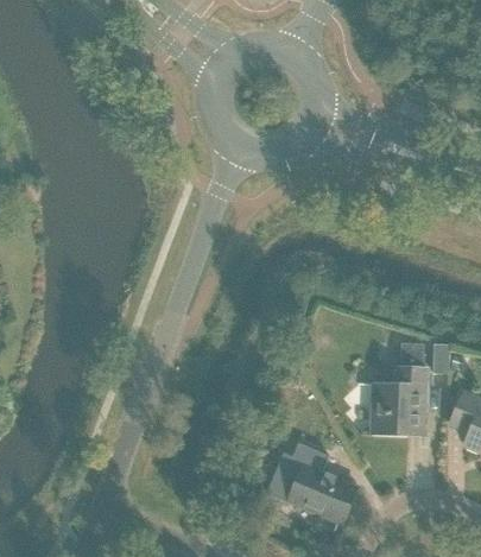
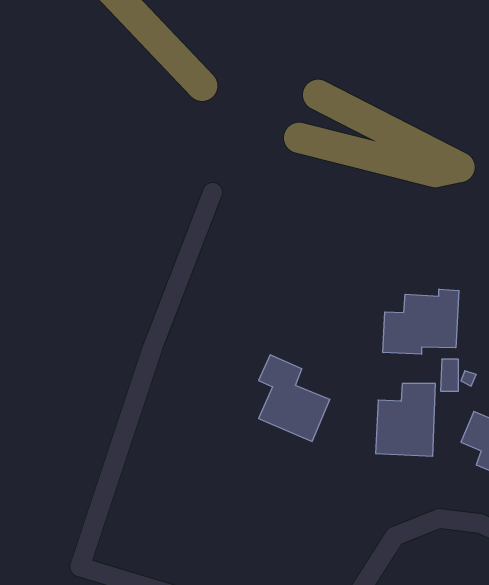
building: none -> [383,289,459,354]
building: [285,442,352,523] -> [259,355,330,441]

